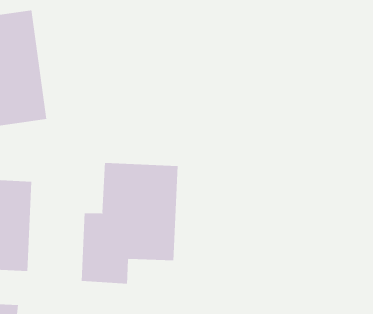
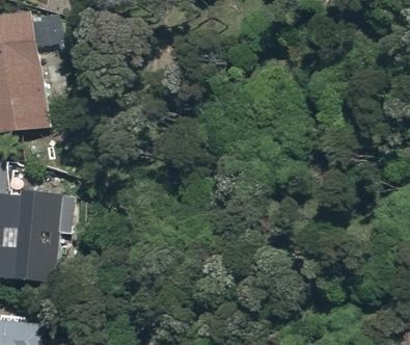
building: [81,162,178,284] -> none

